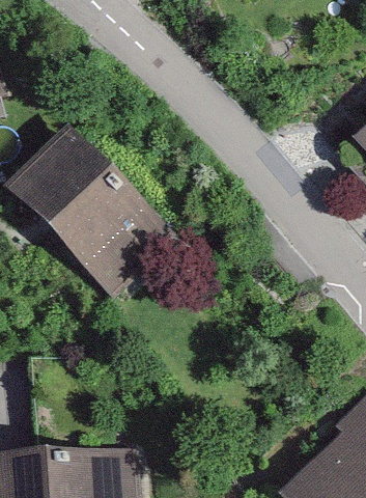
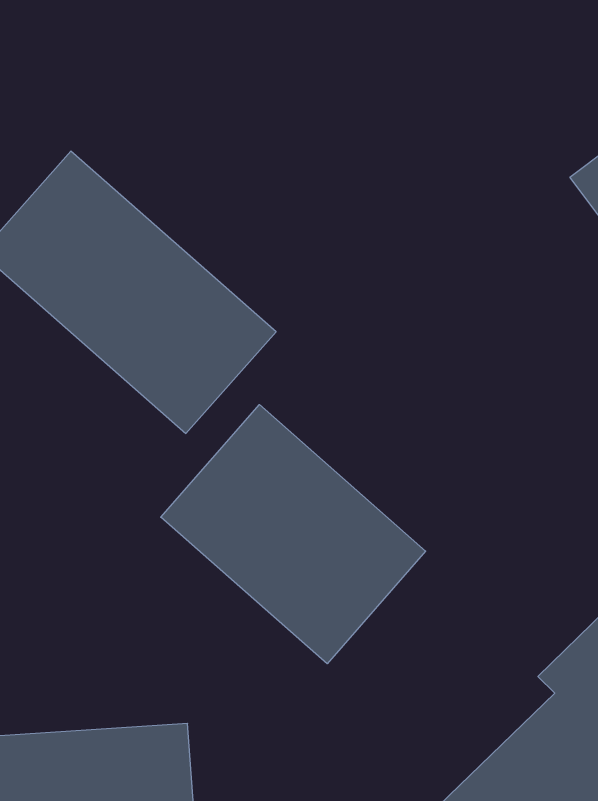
building: none -> [161,405,426,664]

